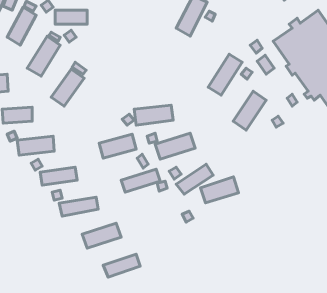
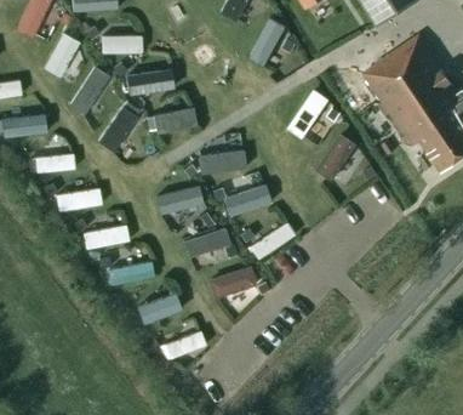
building: none -> [126,69,173,96]
building: none -> [156,109,196,135]
building: [200,177,238,203] -> [208,268,255,300]

